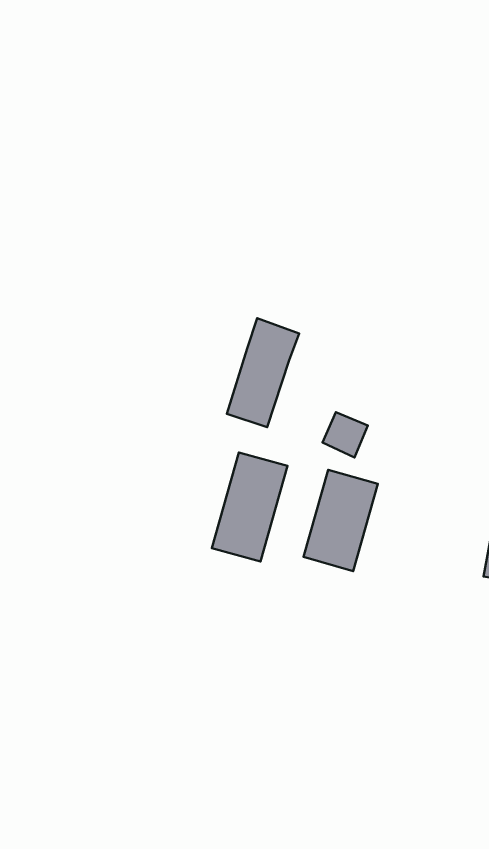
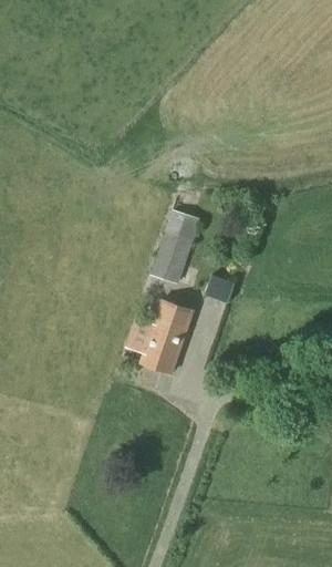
building: [304,470,378,571] -> none

